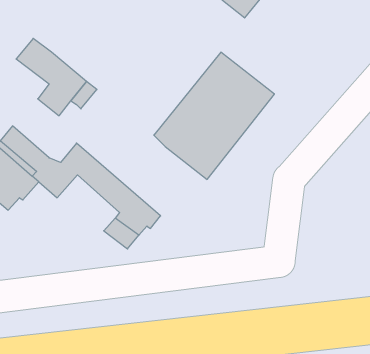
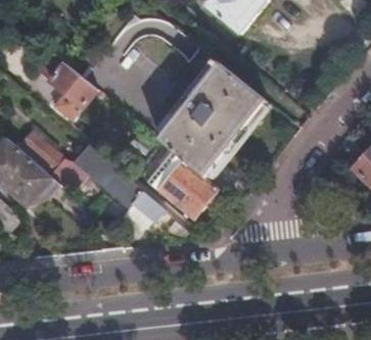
building: none -> [157,147,220,216]

